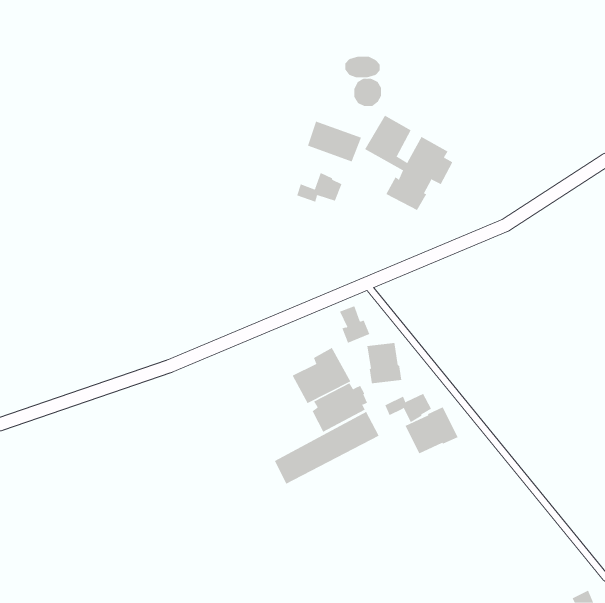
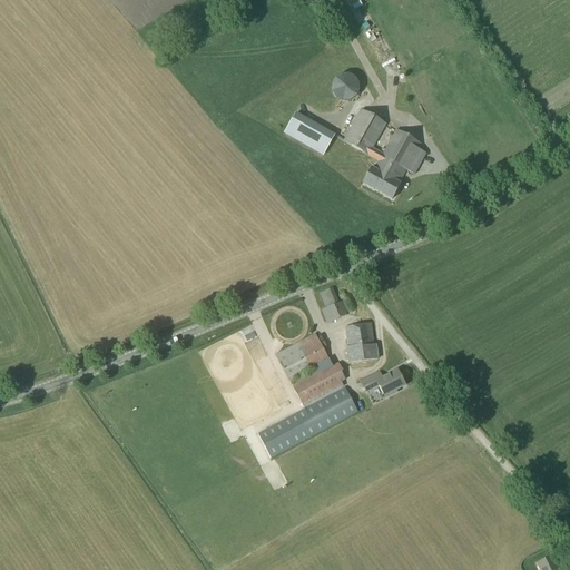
building: [345,56,380,78] -> none
building: [297,172,342,203] -> none
building: [405,407,458,454] -> none

